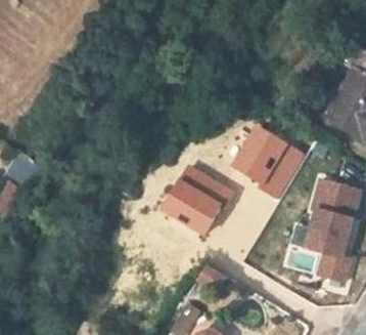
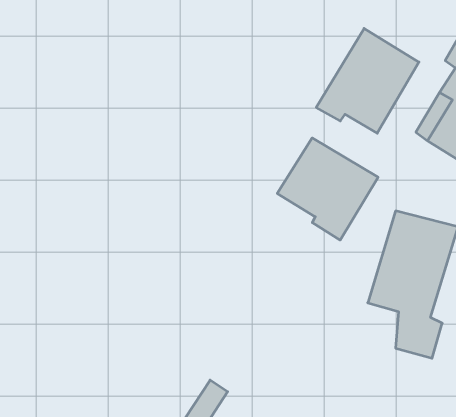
building: none -> [316,28,419,133]
building: [161,166,230,234] -> none

